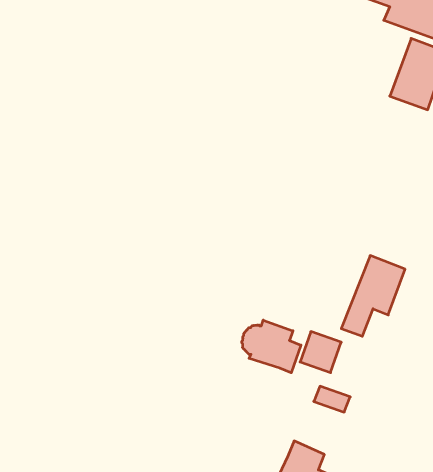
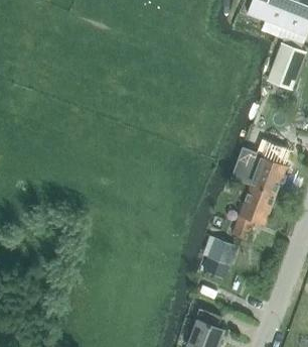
building: none -> [234,140,287,194]
building: [242,320,301,373] -> none

